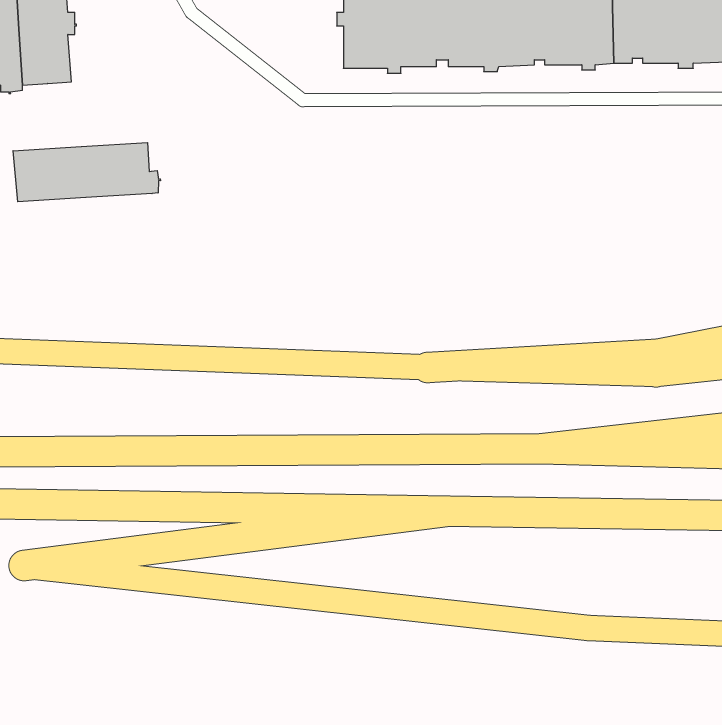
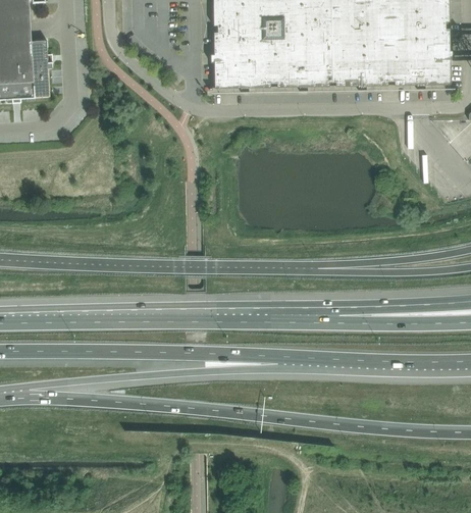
building: [13,143,161,202] -> none

